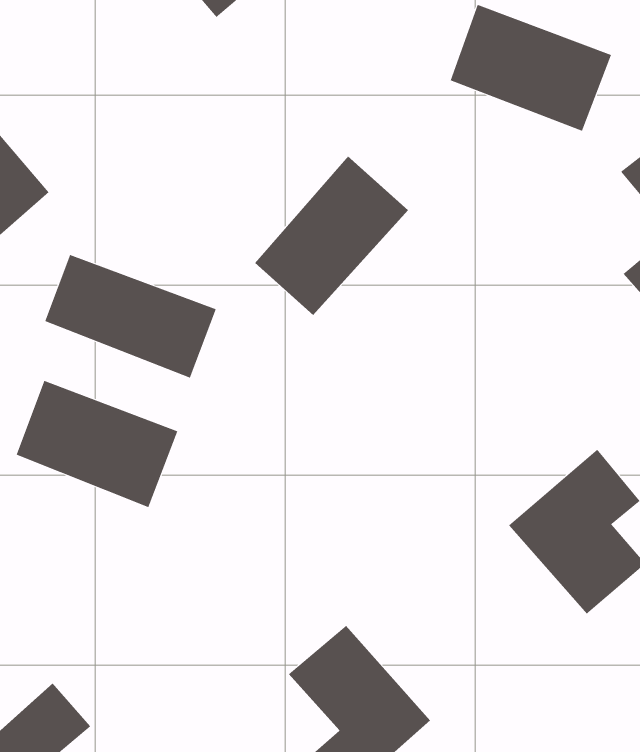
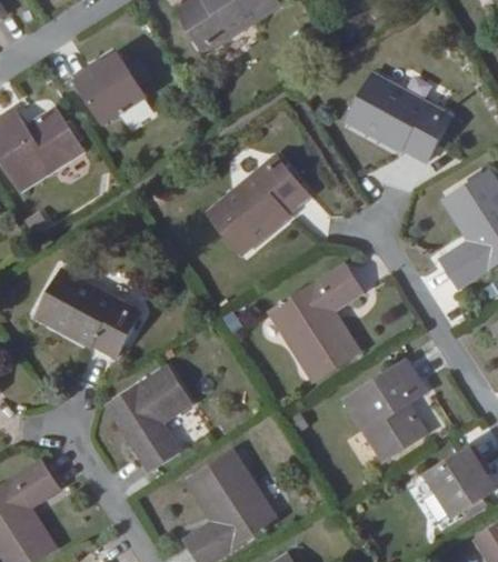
building: none -> [78,53,150,127]
building: [45,254,216,378] -> none
building: none -> [268,262,362,382]
building: none -> [107,367,190,471]

